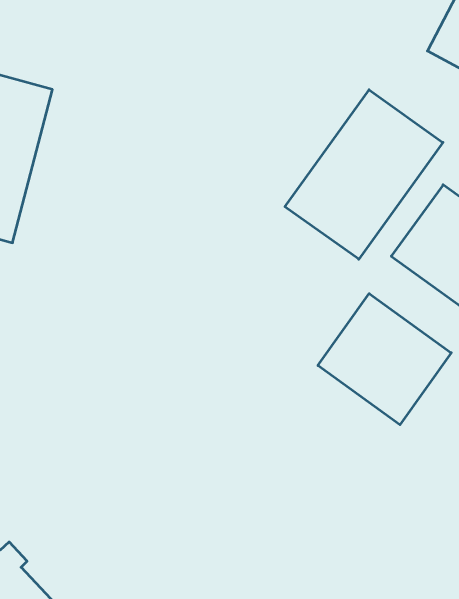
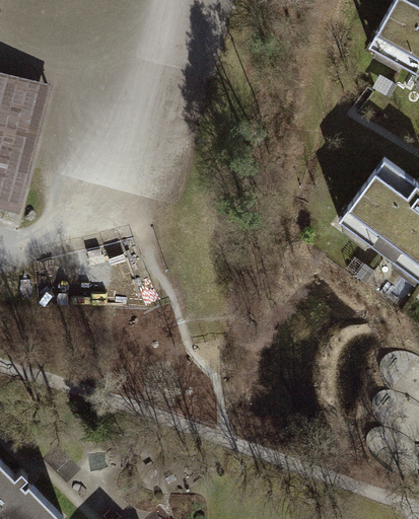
building: [285,90,443,259] -> none
building: [318,294,451,425] -> none

